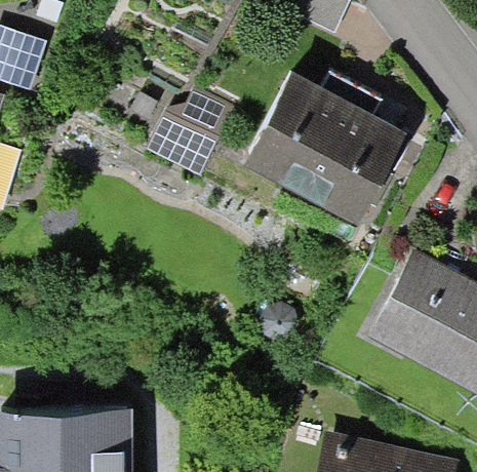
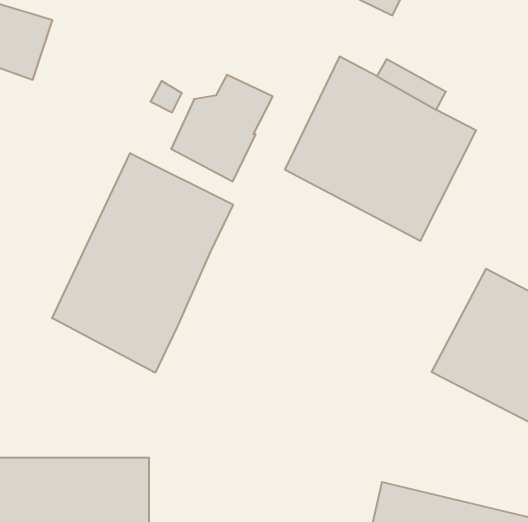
building: none -> [52,153,233,373]

